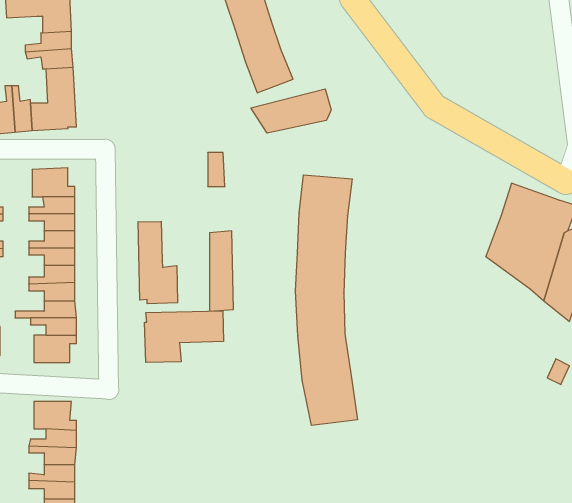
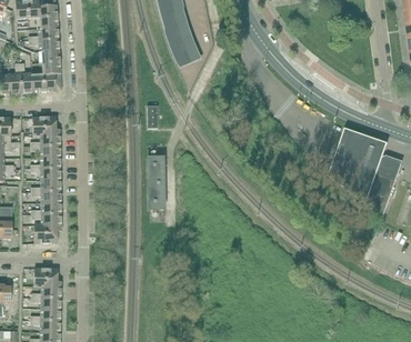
building: [251,89,331,133] -> none
building: [296,175,357,425] -> none
building: [138,221,178,304] -> none
building: [145,311,223,362] -> none

